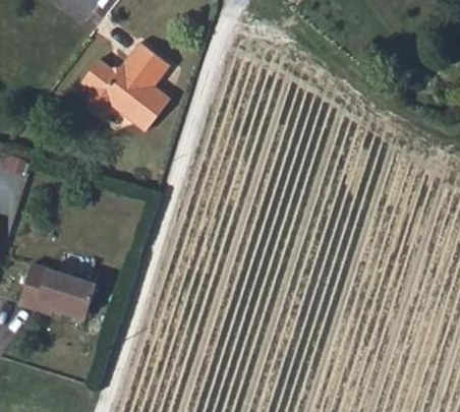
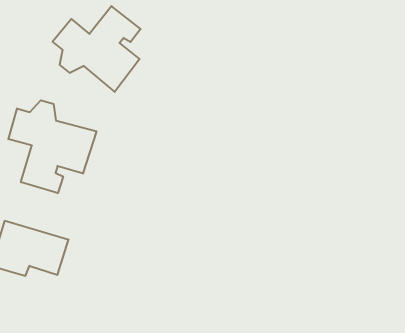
building: none -> [8,100,96,193]

